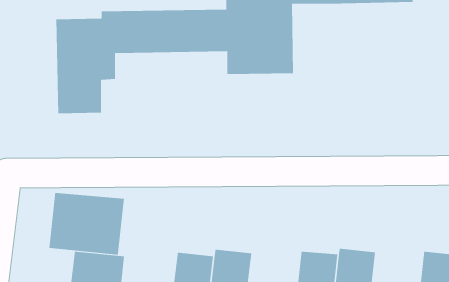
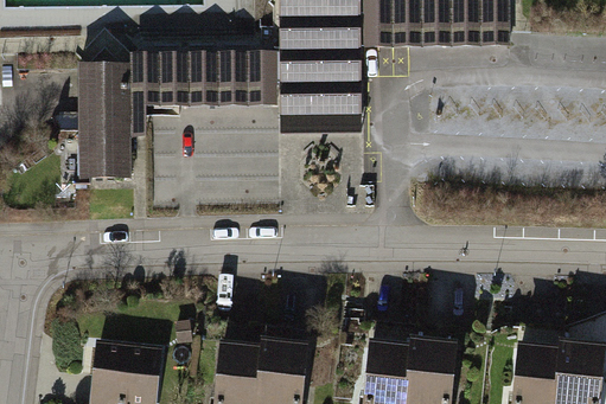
building: [49,192,124,255] -> none

